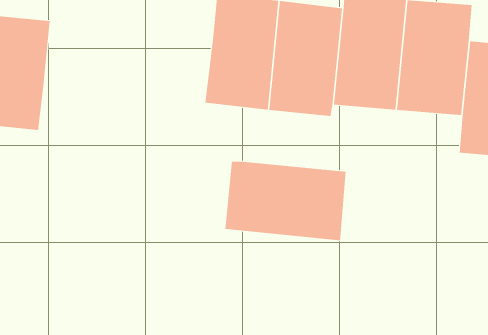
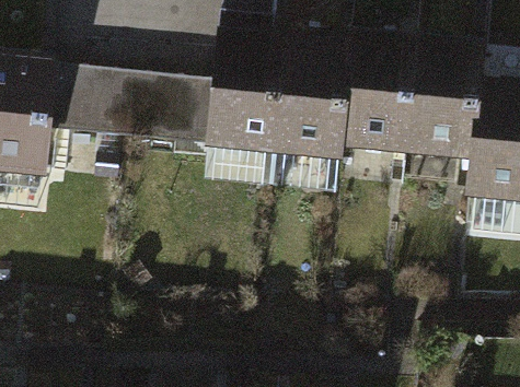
building: none -> [47,62,220,146]
building: [225,161,346,241] -> none

